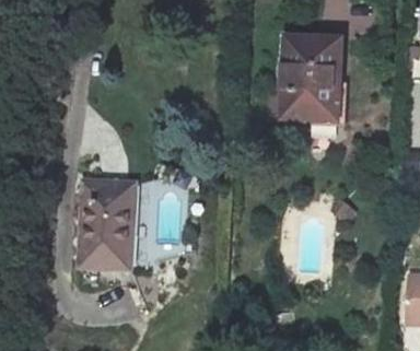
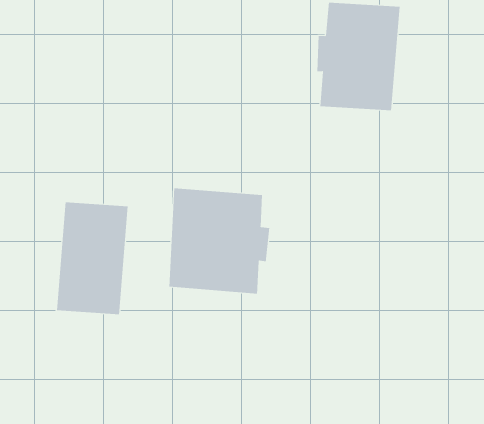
building: none -> [169,187,270,294]

